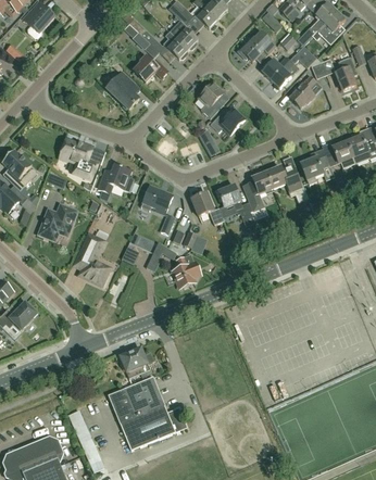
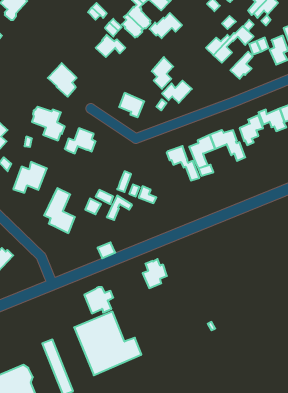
building: [238,33,276,62] -> [149,13,182,38]
building: [106,71,140,110] -> [48,63,77,97]
building: [143,186,173,214] -> [119,93,144,117]
building: [191,193,224,225] -> none
building: [173,254,201,288] -> [143,259,167,288]

